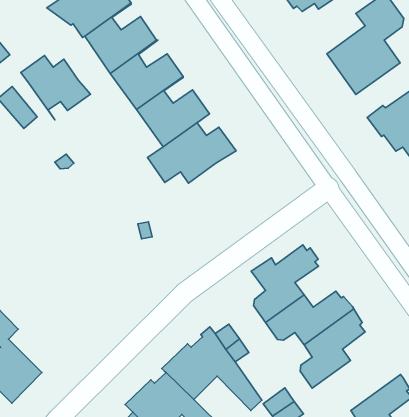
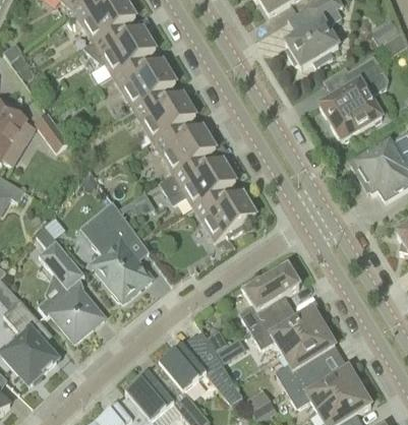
building: [21,55,91,120] -> none
building: none -> [193,190,255,239]
building: none -> [85,200,152,300]
building: none -> [36,225,104,341]
building: none -> [286,366,362,410]

